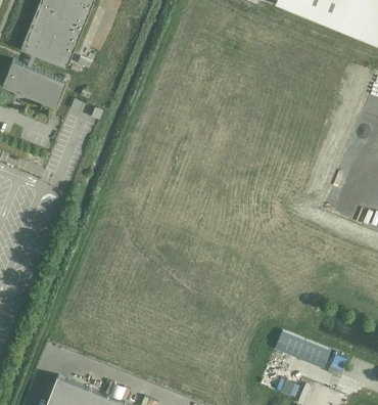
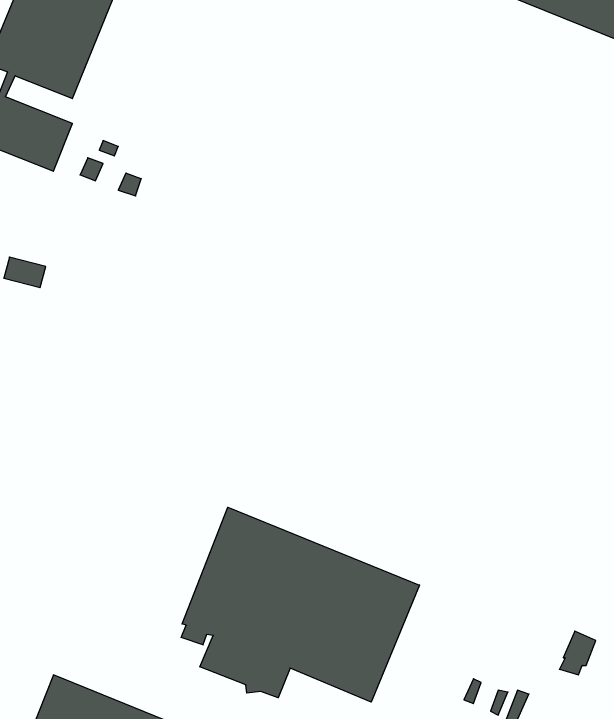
building: none -> [181,507,420,702]
building: [274,331,330,369] -> none

